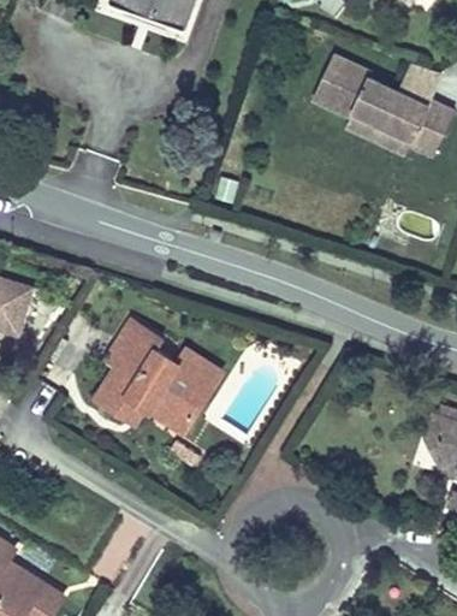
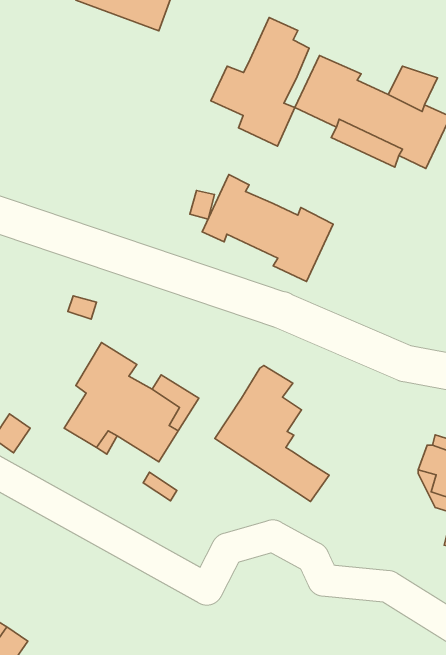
building: none -> [211,17,309,146]
building: none -> [202,175,333,281]
building: none -> [215,365,329,501]

